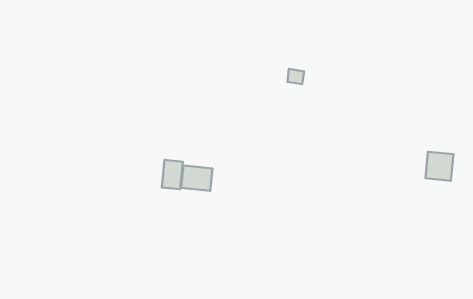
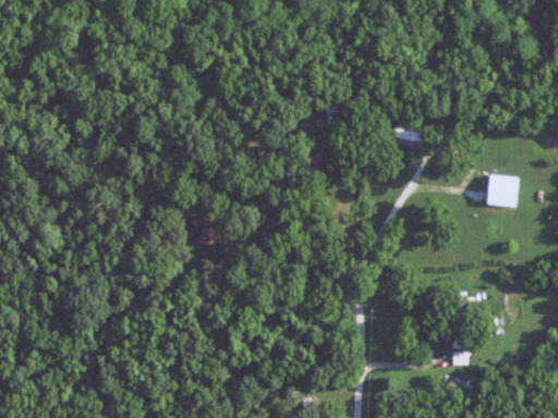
building: [181,166,212,191] -> none

